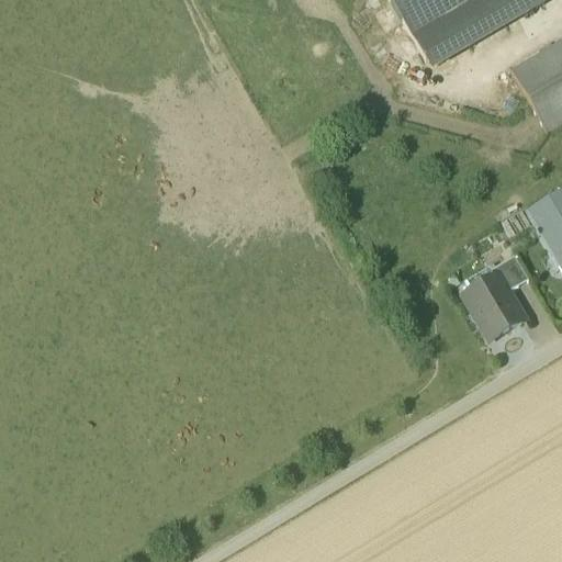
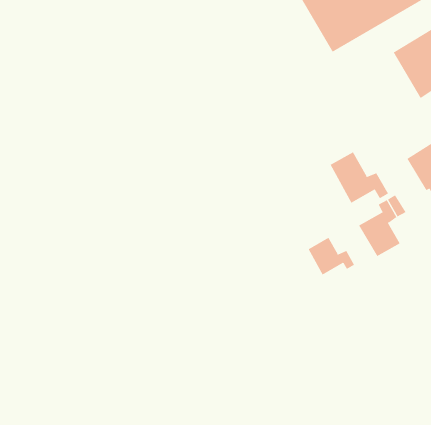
building: none -> [330,151,389,203]
building: none -> [308,237,355,275]

